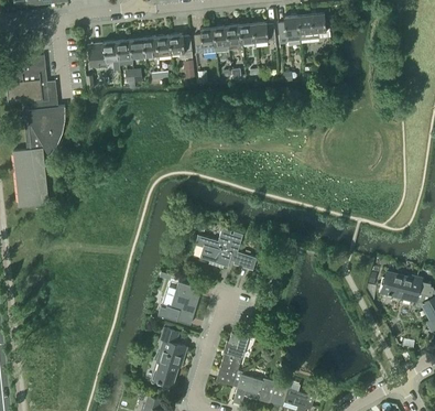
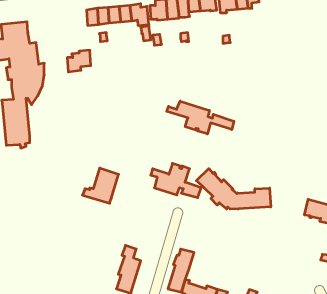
building: [89,41,118,67] -> [67,50,91,72]
building: none -> [167,101,234,134]
building: none -> [196,169,271,209]
building: [156,282,200,325] -> [82,168,119,203]

